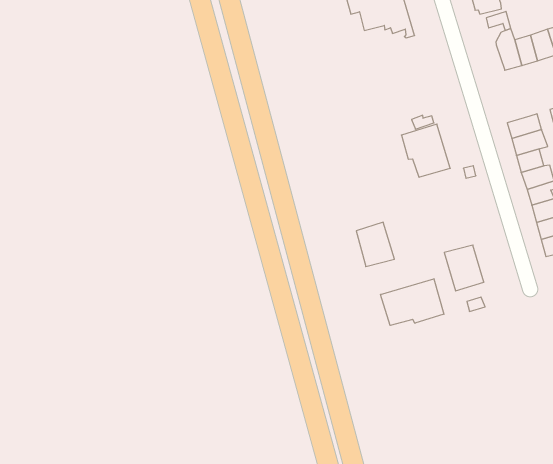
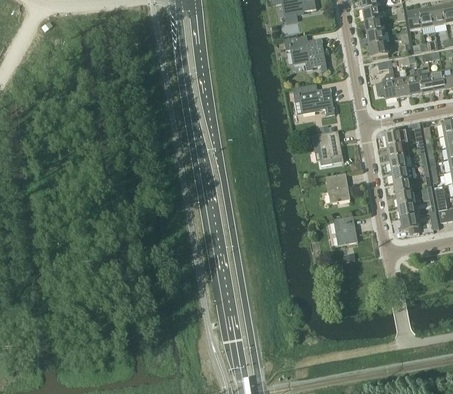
building: none -> [291,84,334,116]
building: [356,222,394,267] -> [325,173,349,202]
building: [381,279,444,325] -> none

